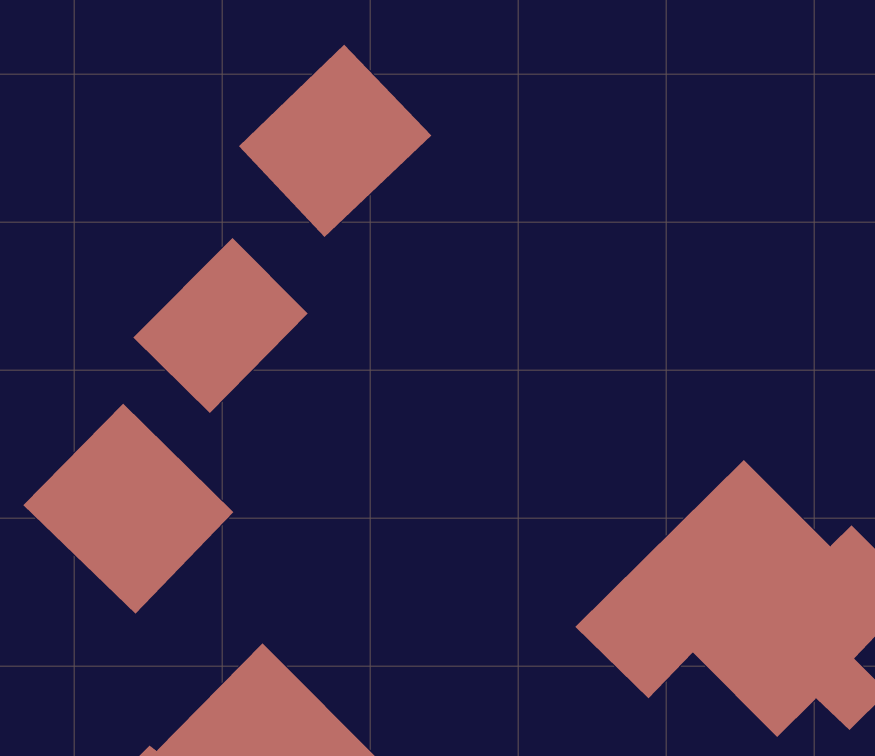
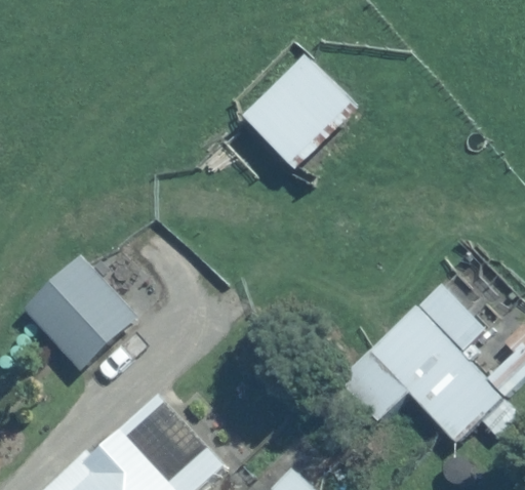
building: [238,44,432,238] -> [244,54,357,167]
building: [132,237,309,414] -> none

